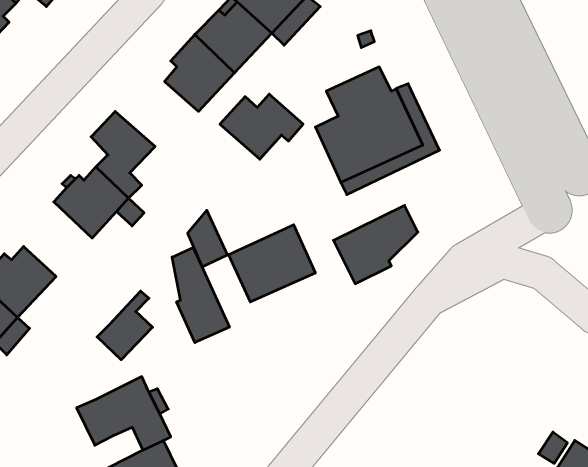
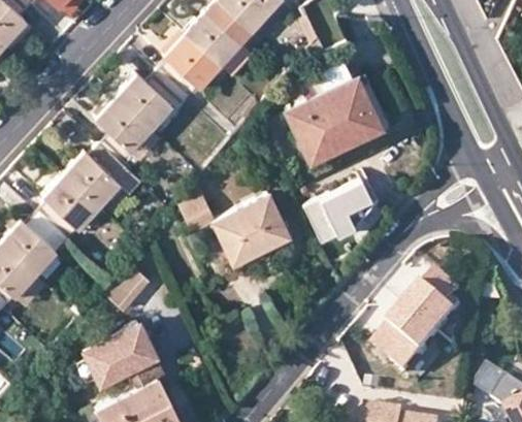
building: [220,94,303,159] -> [117,72,188,128]
building: none -> [38,175,97,239]
building: [172,248,229,343] -> none
building: none -> [374,270,463,375]

